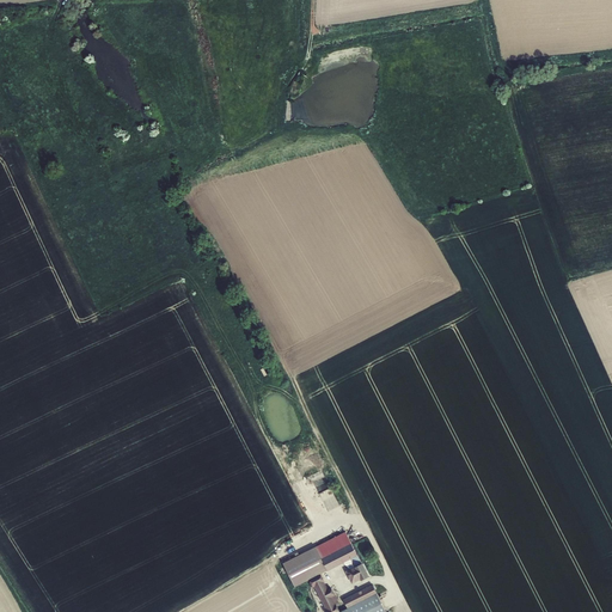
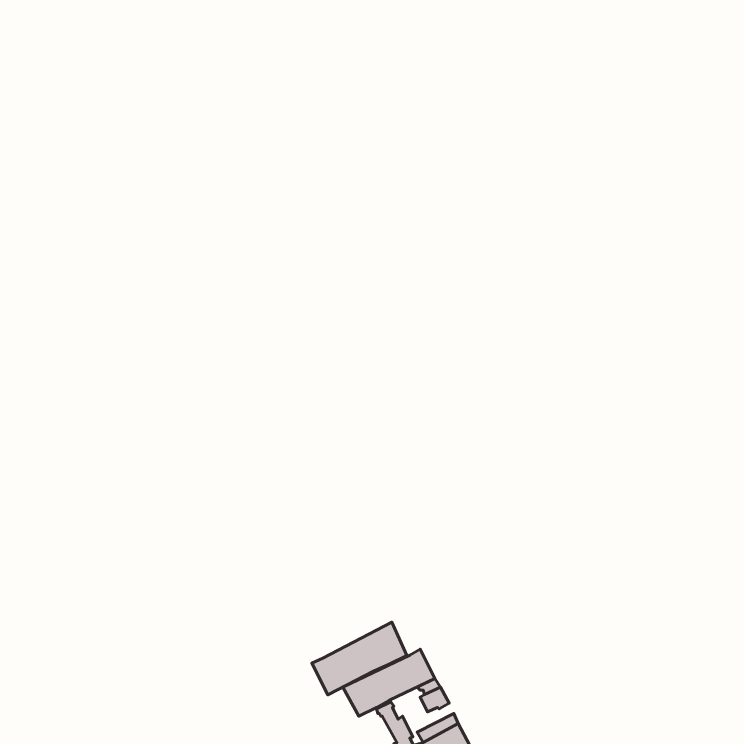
building: none -> [312,622,407,695]

